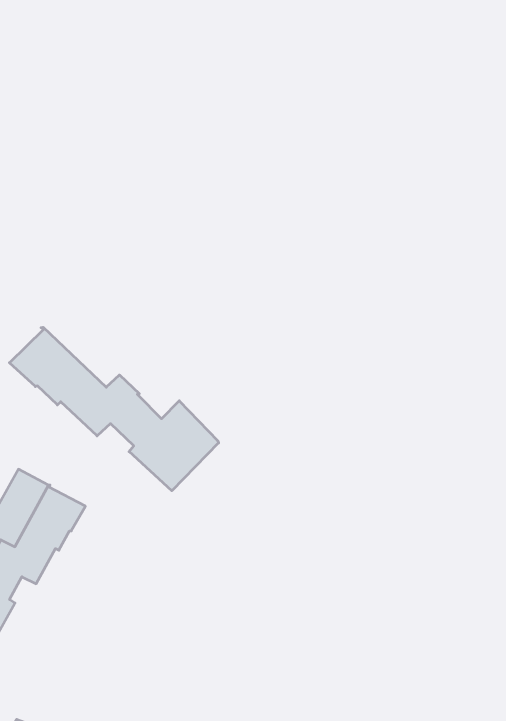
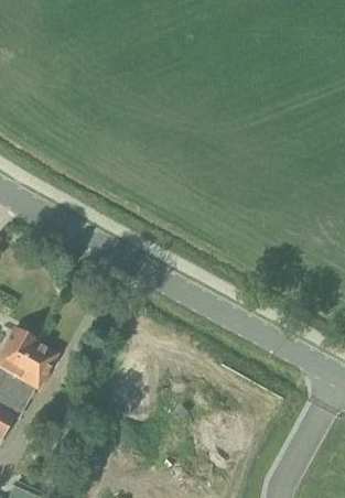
building: [9,327,219,491] -> none

